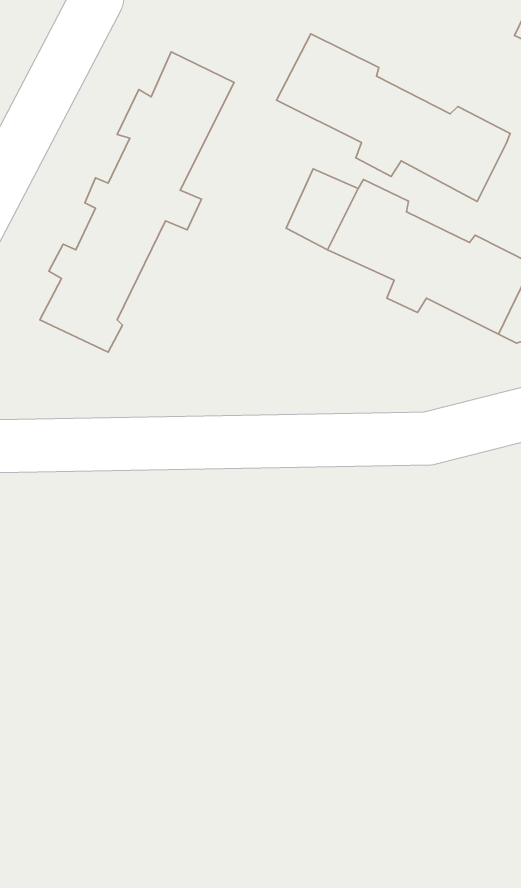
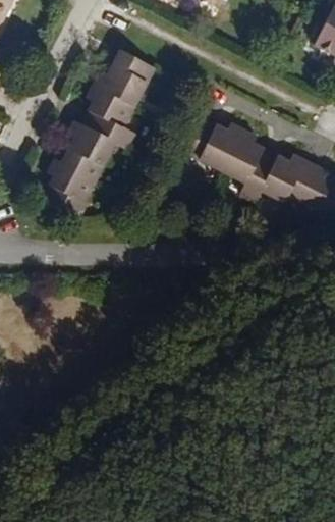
building: [277,34,510,201] -> none

